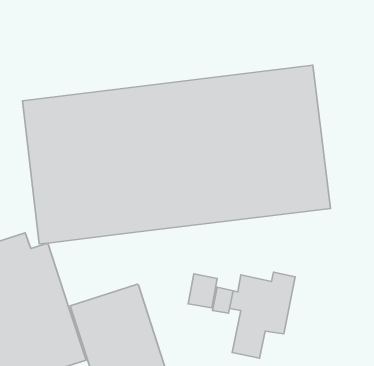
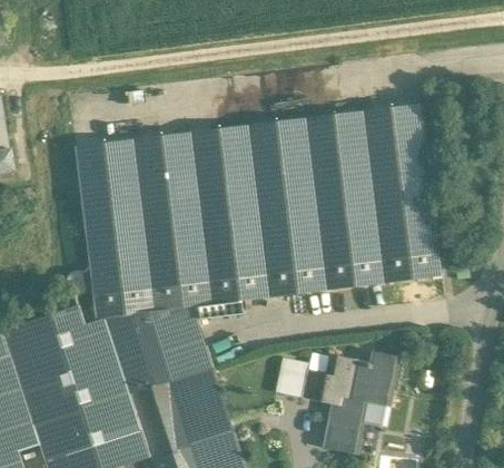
building: none -> [103,306,211,393]

